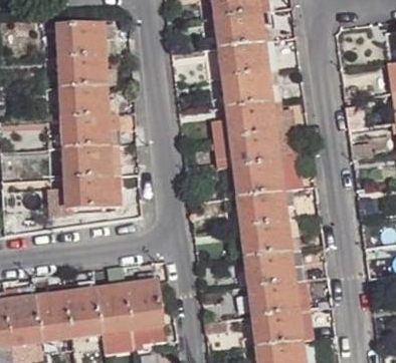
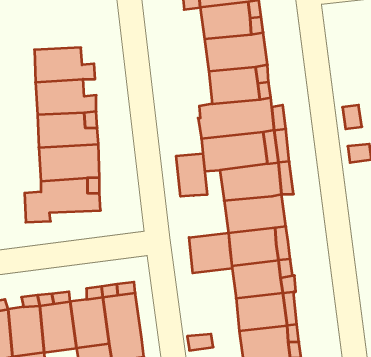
building: [58,26,115,60] -> none
building: none -> [176,153,207,196]
building: none -> [189,233,232,273]

